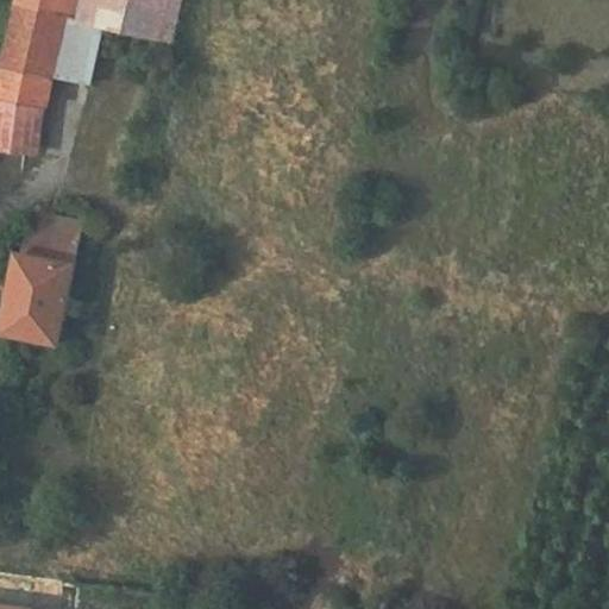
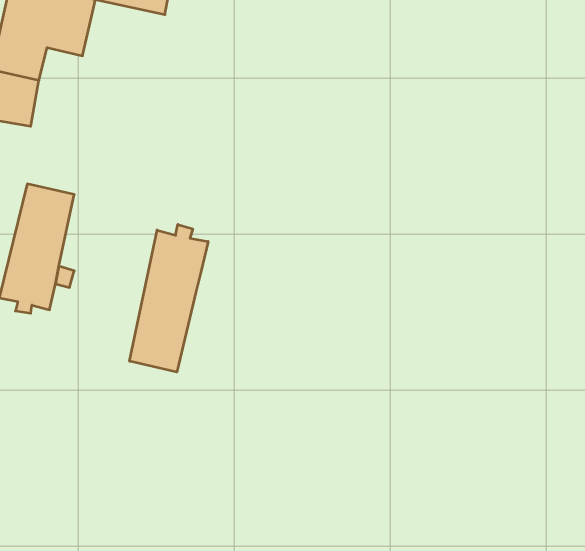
building: none -> [130,224,208,372]

